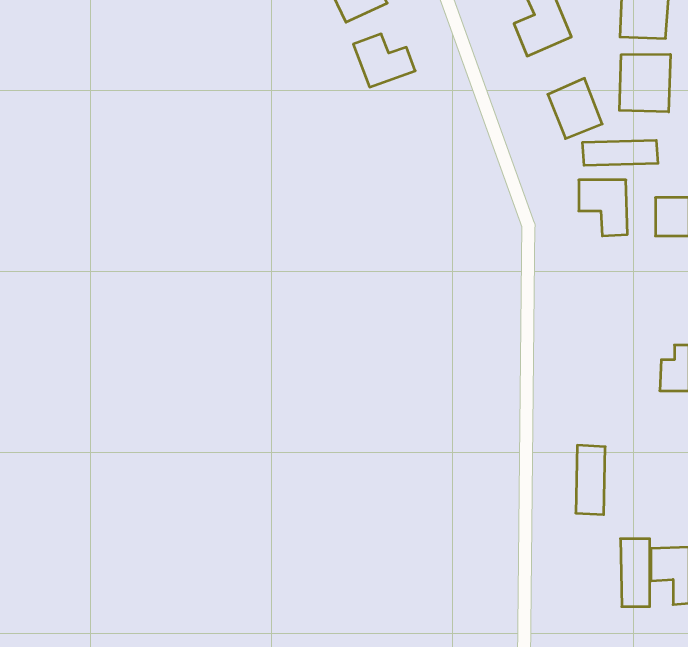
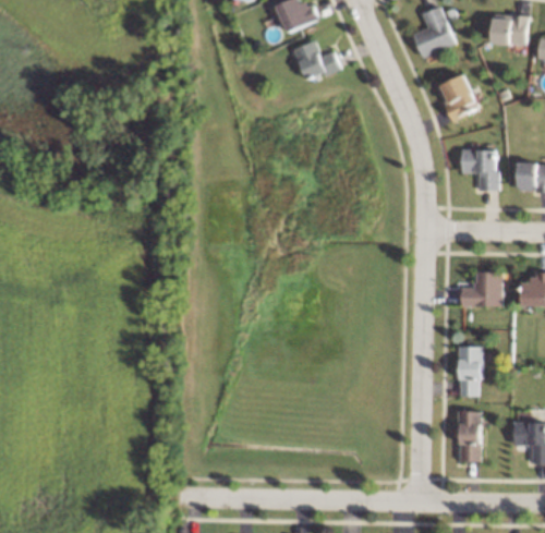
building: [619,54,670,112] -> none
building: [583,140,658,165] -> none
building: none -> [461,271,500,305]
building: [620,539,650,607] -> [458,411,480,461]

